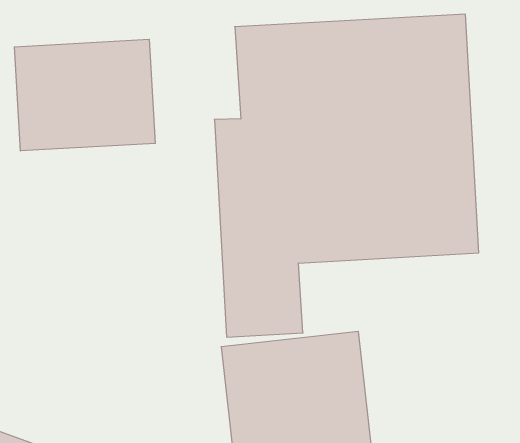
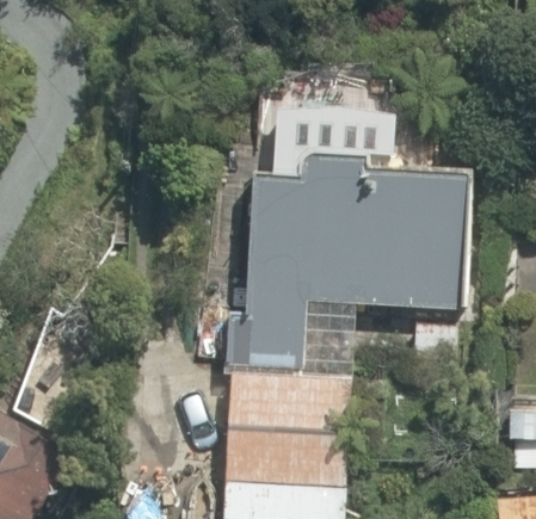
building: [14,39,155,151] -> none

